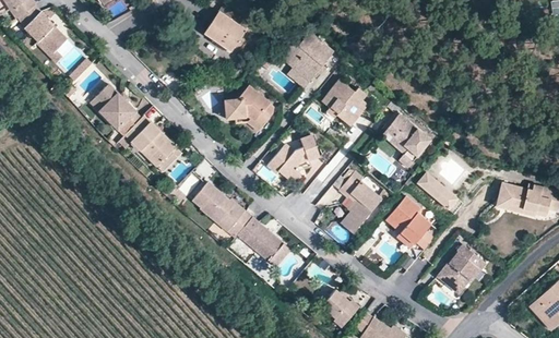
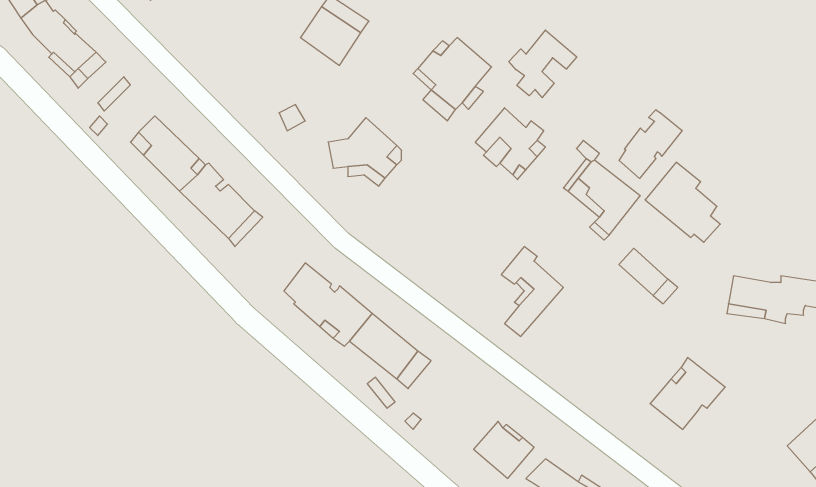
building: none -> [509,30,577,98]
building: none -> [619,110,682,178]
building: [267,136,319,180] -> none
building: [384,196,435,250] -> [645,162,720,242]

